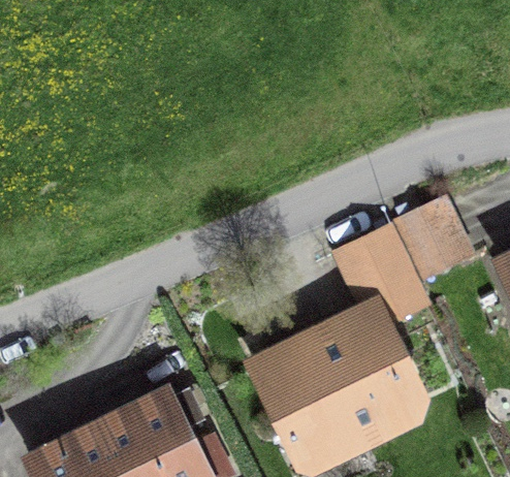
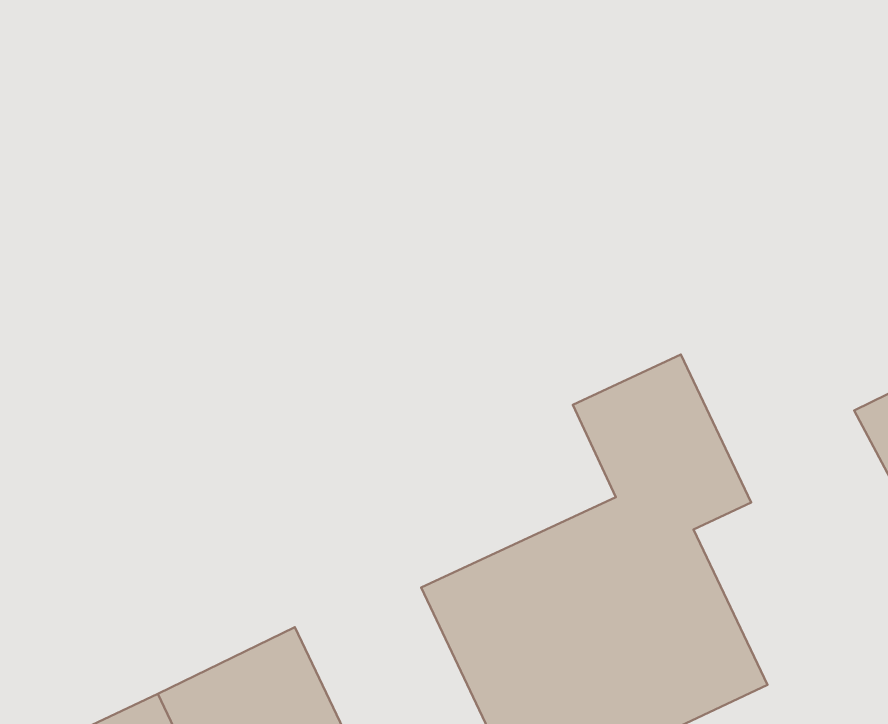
building: [394,195,476,282] -> none

